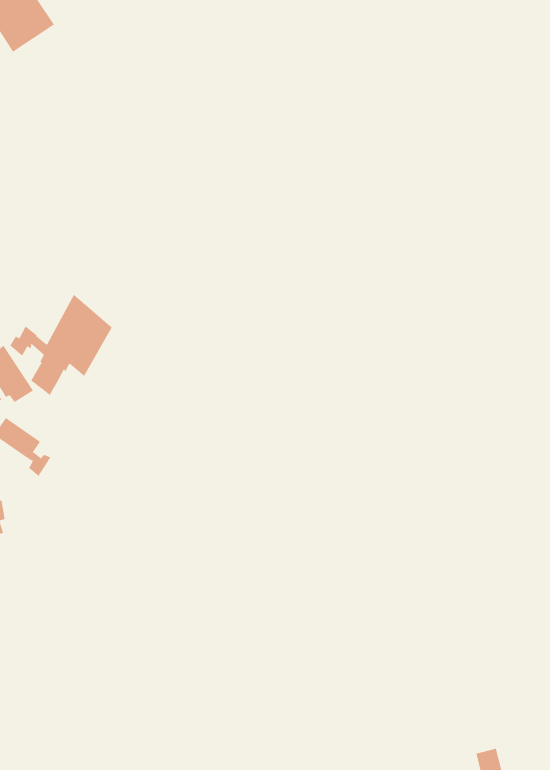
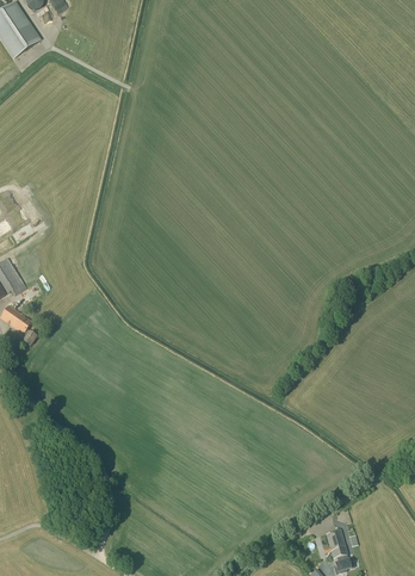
building: [9,294,113,396] -> none

